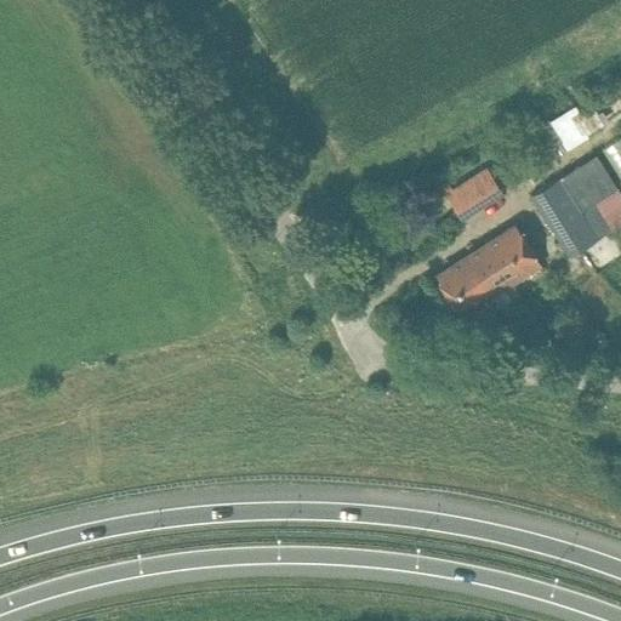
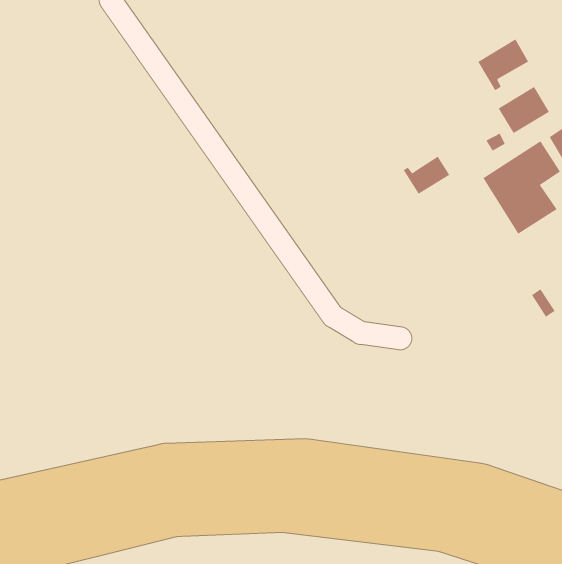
building: none -> [477,39,529,91]
building: [439,226,543,309] -> none

